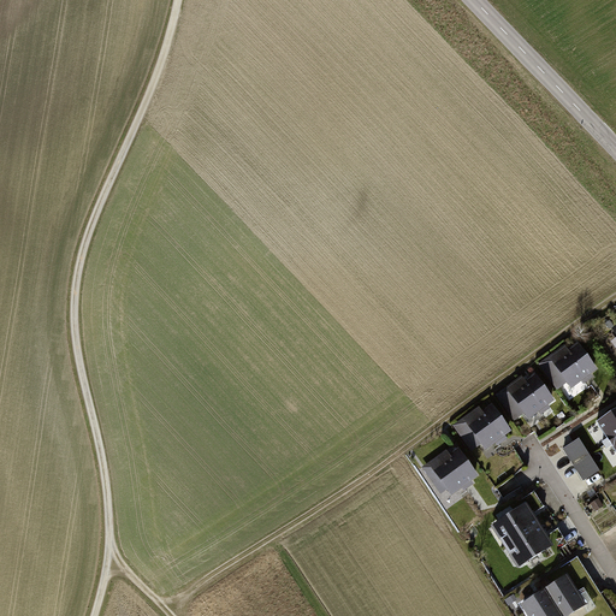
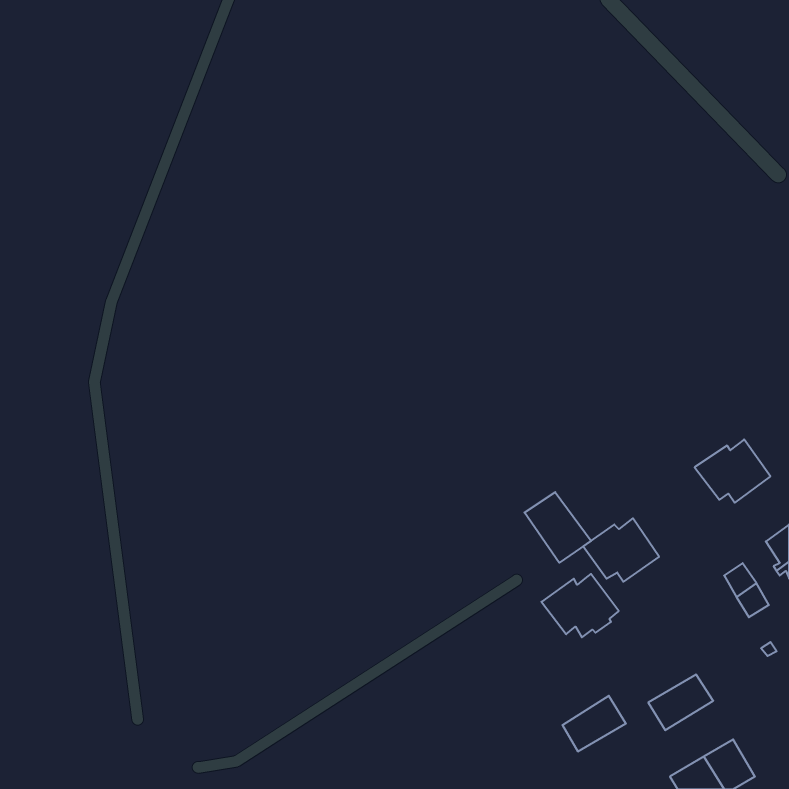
building: [497,373,555,420] -> none
building: none -> [524,492,591,563]
building: [492,503,541,546] -> [562,696,626,751]

